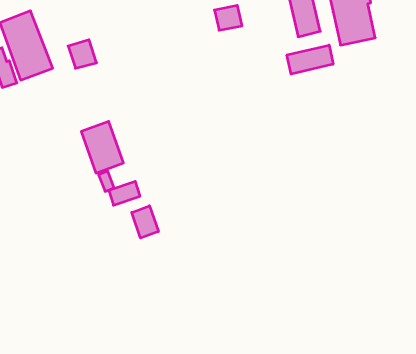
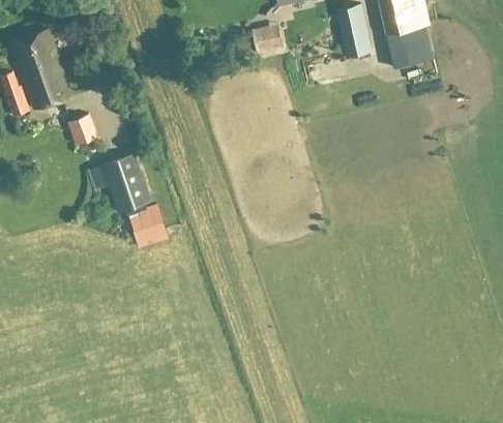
building: [68,40,97,68] -> [67,112,99,144]
building: [287,45,333,74] -> none
building: [132,206,158,238] -> none

